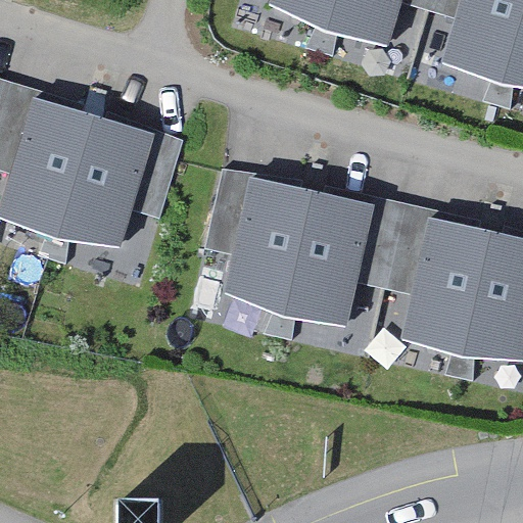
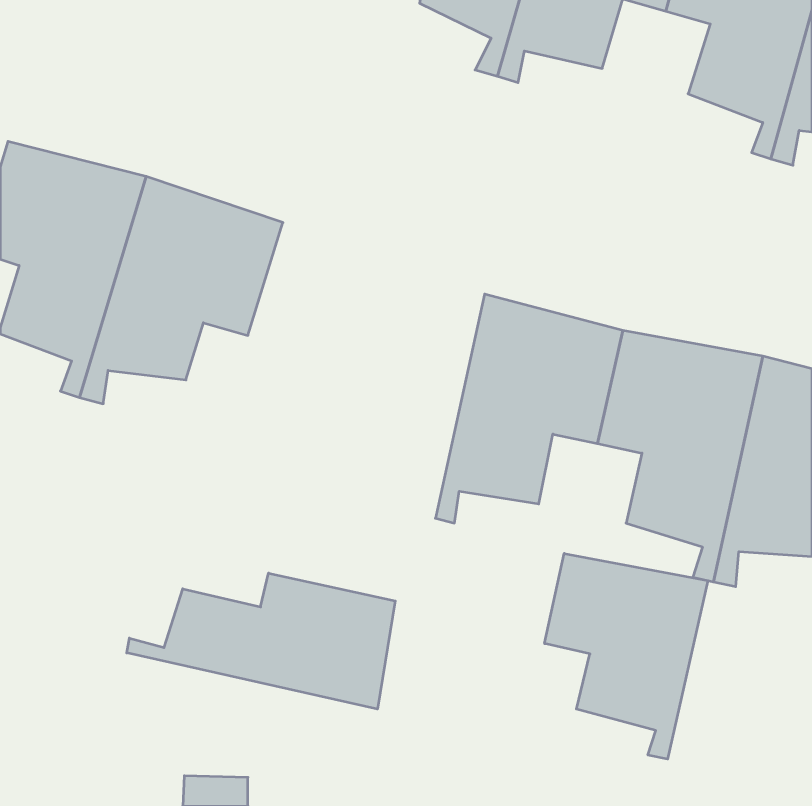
building: [204,173,312,333] -> none
building: none -> [545,553,708,759]
building: none -> [127,573,395,709]

